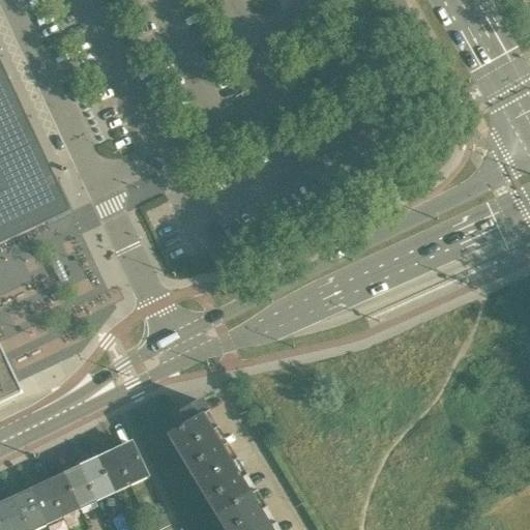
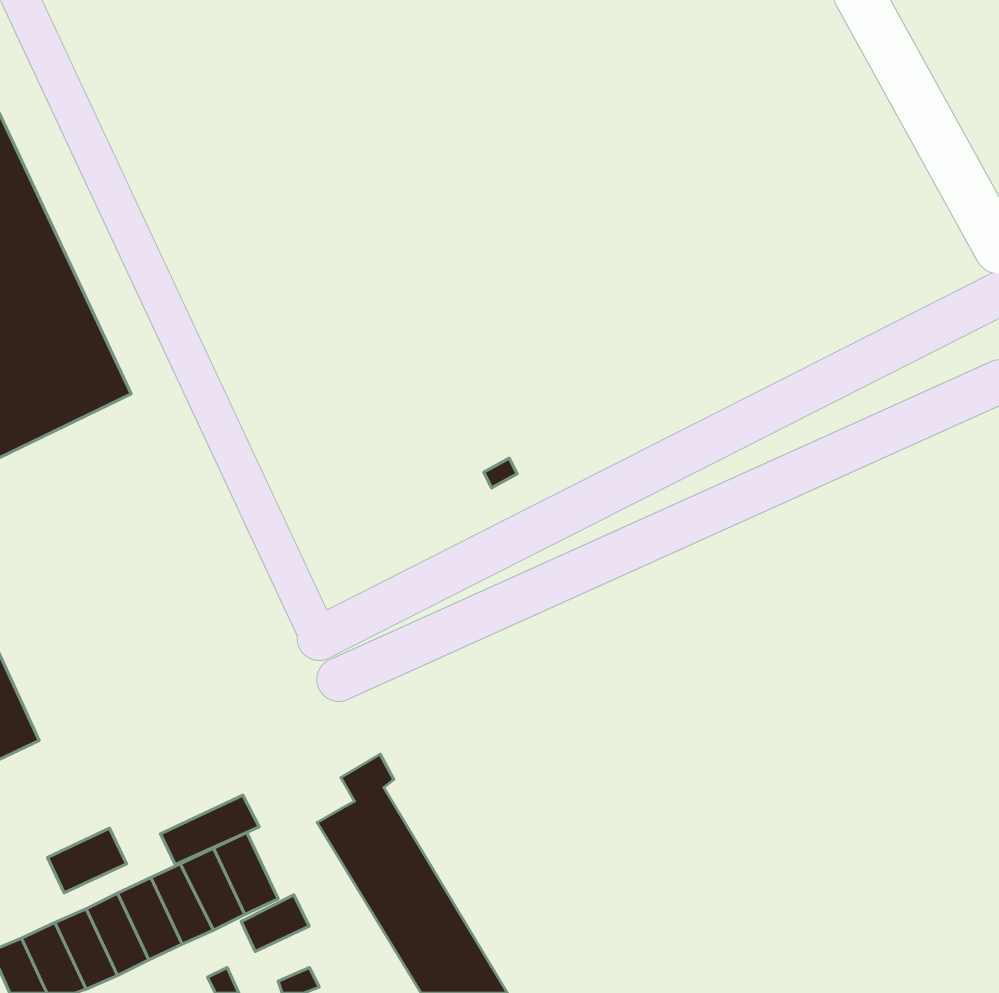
building: none -> [161,795,259,864]
building: none -> [48,828,126,893]
building: none -> [241,895,309,952]

